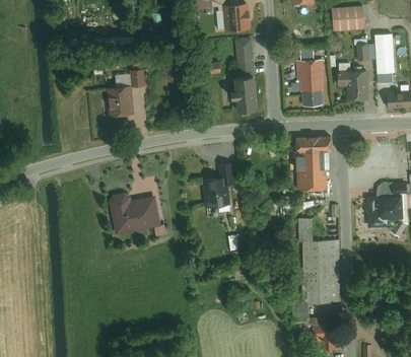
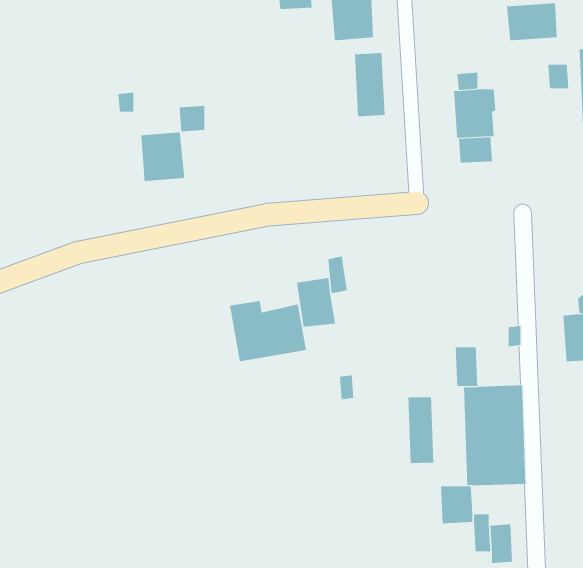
building: [337,71,369,99] -> none
building: [229,76,258,111] -> none
building: [291,139,330,190] -> none
building: [109,194,156,231] -> [229,301,307,362]
building: none -> [408,396,434,464]

